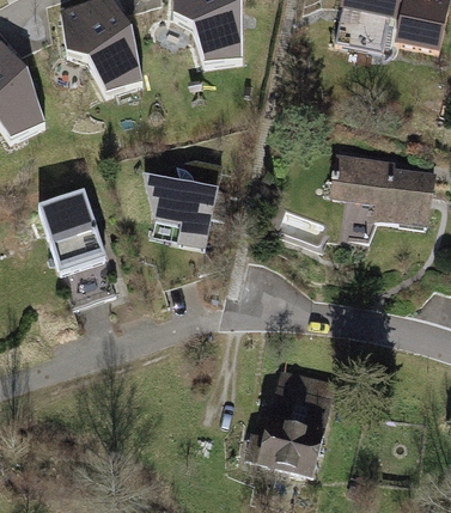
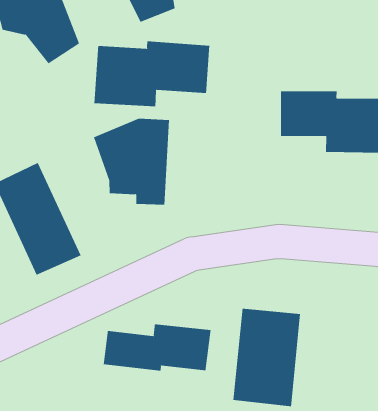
building: none -> [94,40,210,107]
building: none -> [103,324,211,372]

